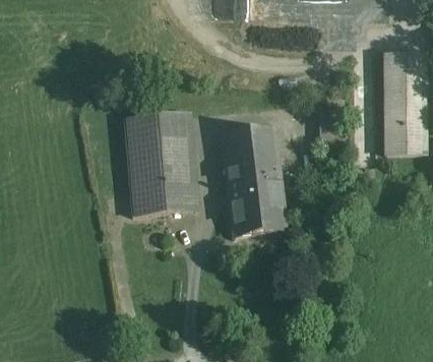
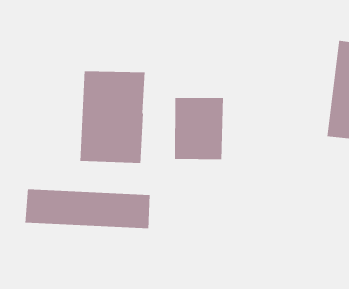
building: [232,193,286,234] -> none
building: none -> [25,188,150,229]

